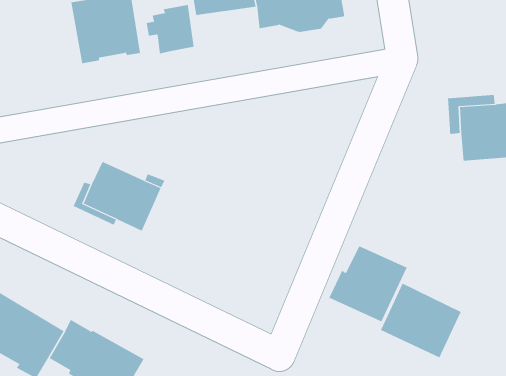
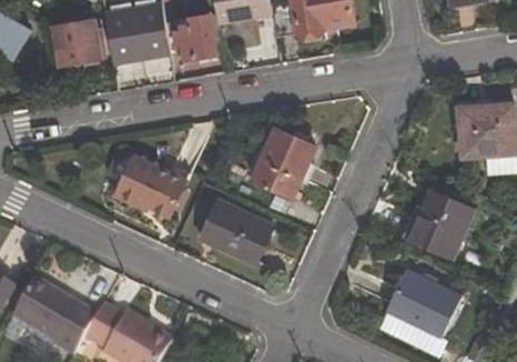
building: none -> [51,19,102,67]
building: none -> [251,127,316,198]
building: none -> [201,201,271,263]
building: [328,246,407,322] -> [402,189,474,259]

